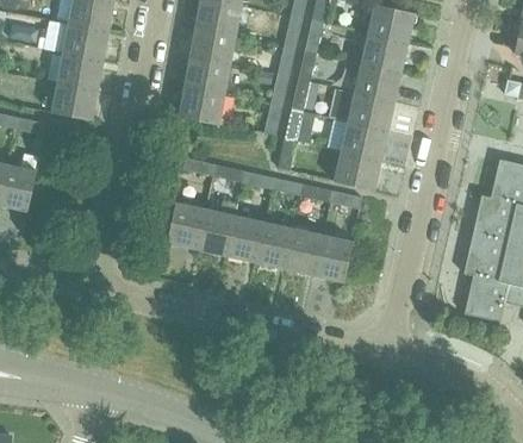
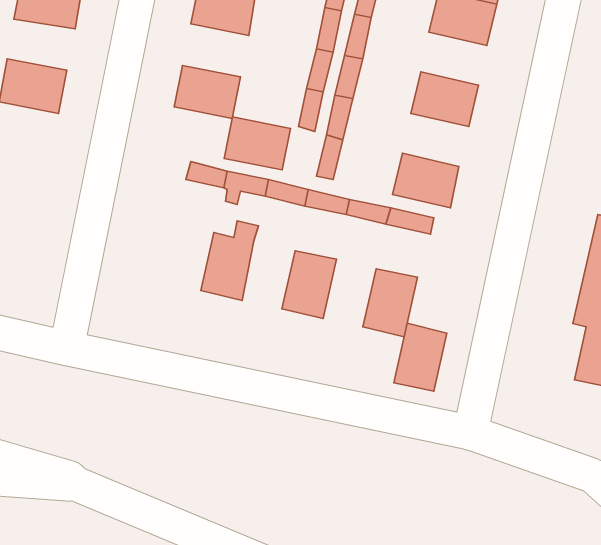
building: [55,54,104,91] -> none
building: [181,57,229,95] -> [224,117,290,170]
building: [353,63,400,101] -> none
building: [340,121,387,160] -> none
building: [164,200,204,249] -> none
building: [224,213,262,262] -> none
building: [282,226,320,275] -> [394,323,447,391]

